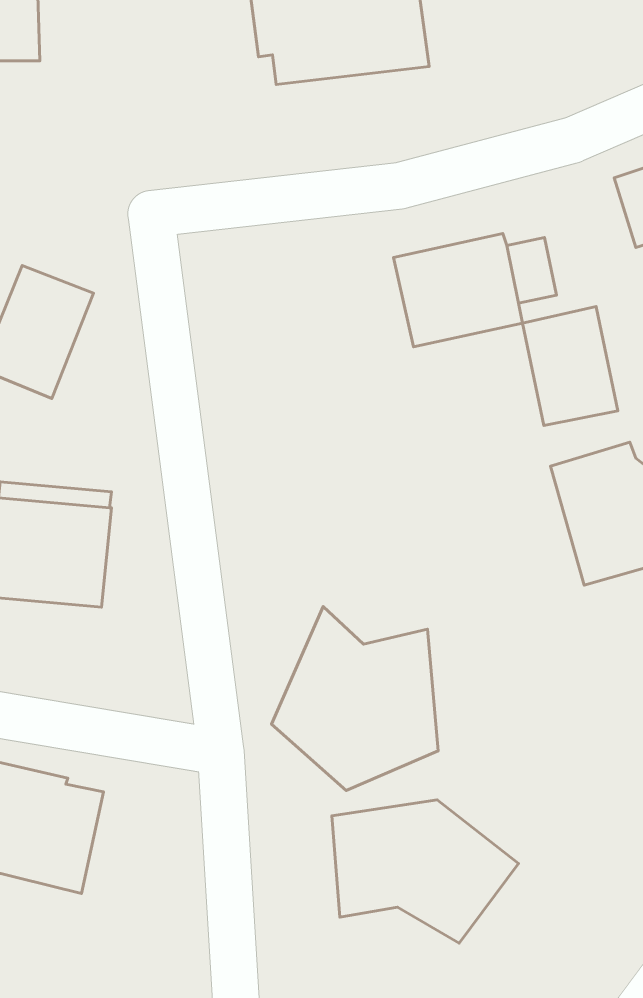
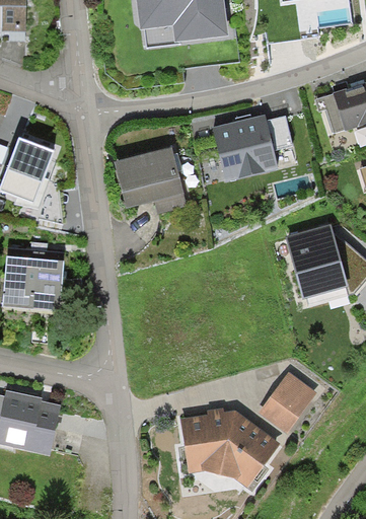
building: none -> [117,147,187,212]
building: [523,307,618,425] -> none
building: [272,607,438,790] -> none
building: none -> [258,375,313,434]

